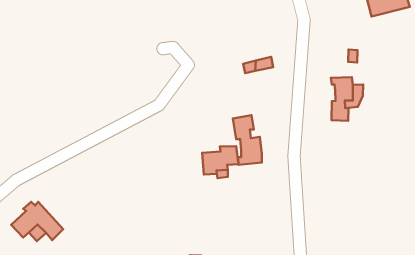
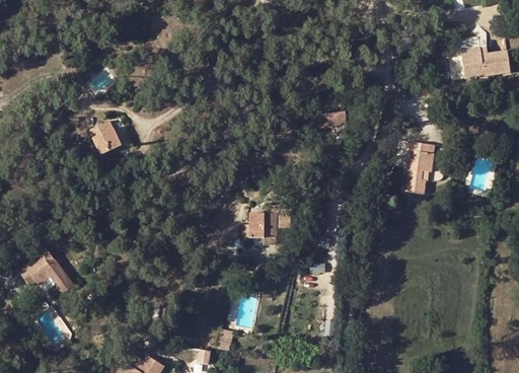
building: none -> [88,122,121,155]
building: [233,115,262,165] -> none

